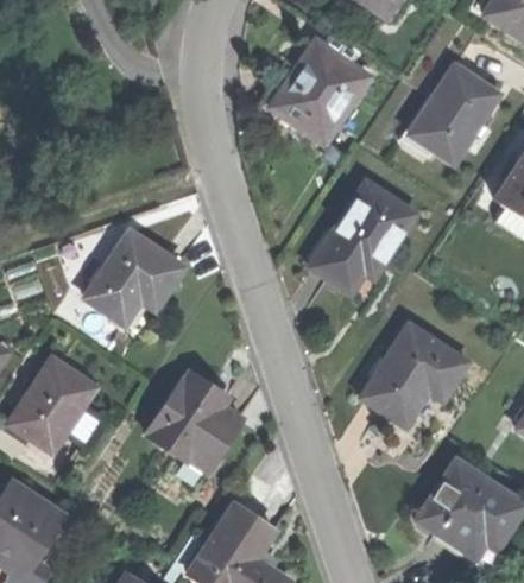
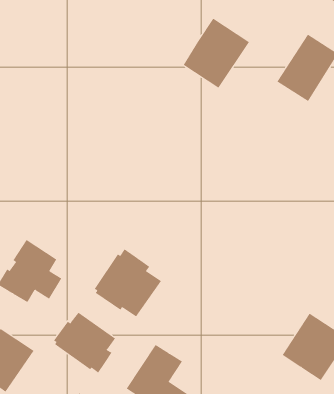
building: [309,180,413,291] -> none
building: [86,230,185,323] -> none
building: [361,323,467,425] -> none
building: none -> [53,312,116,373]

